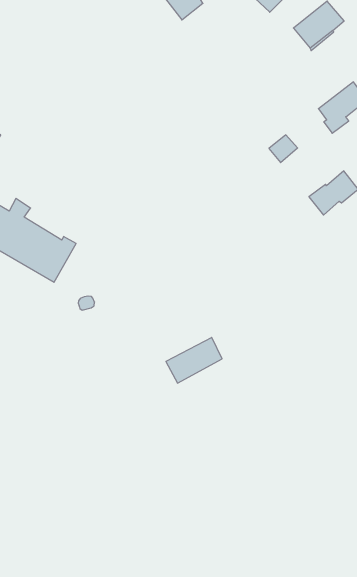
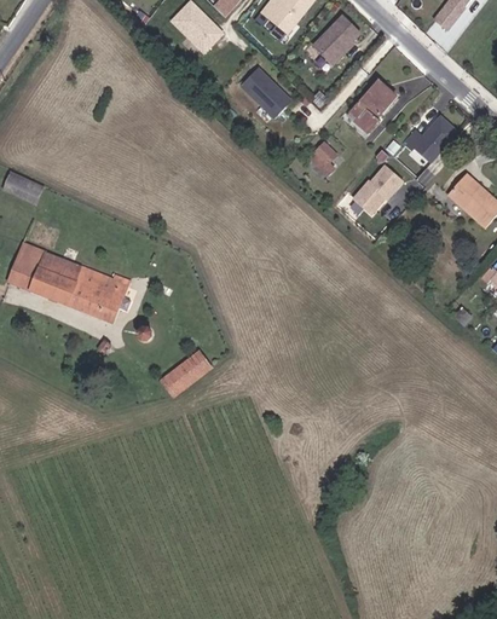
building: none -> [238,63,291,115]
building: [166,337,222,383] -> [156,348,210,398]

